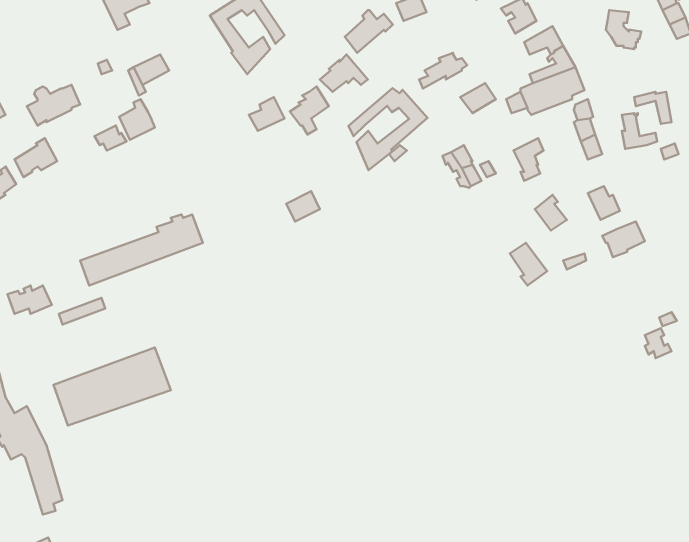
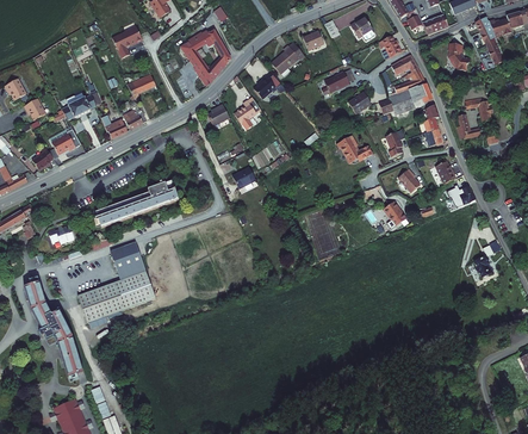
building: [348,88,427,170] -> none
building: none -> [108,242,144,280]

